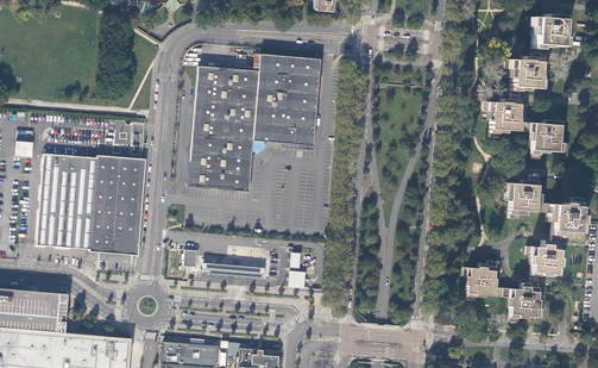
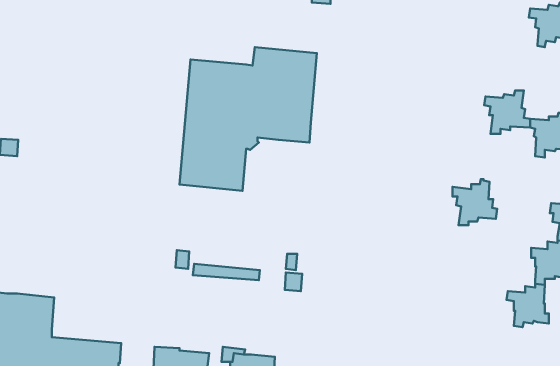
building: [503,51,546,94] -> none
building: [37,152,145,254] -> none
building: [502,174,545,218] -> [452,179,497,225]
building: [462,260,503,300] -> none

